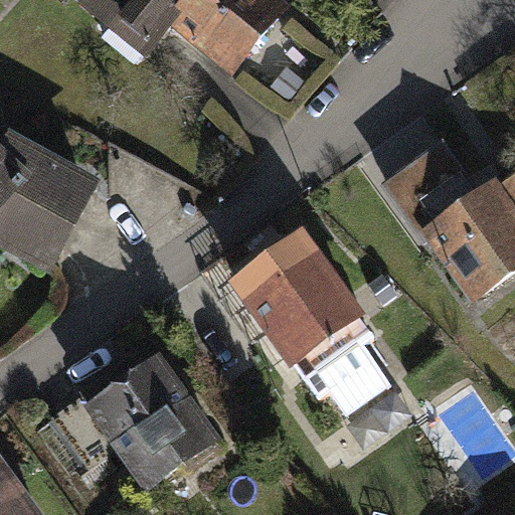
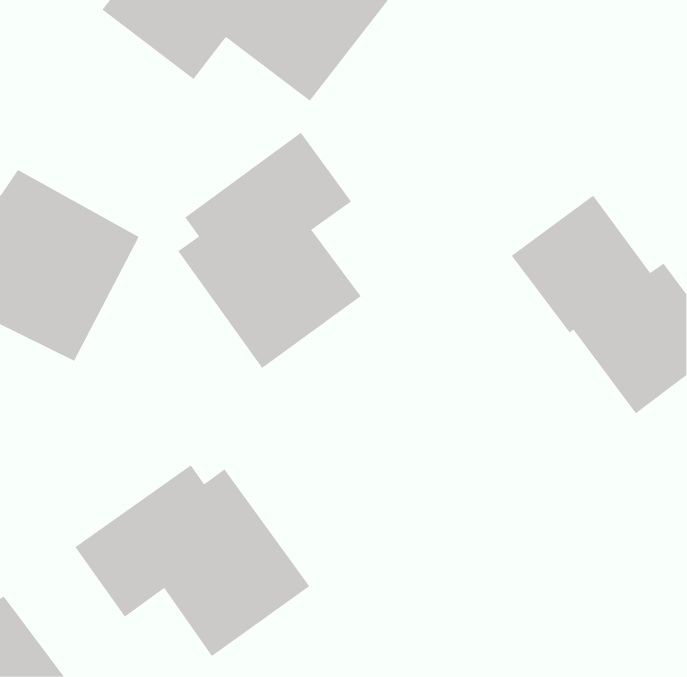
building: none -> [177,132,361,369]
building: [218,216,369,386] -> none

